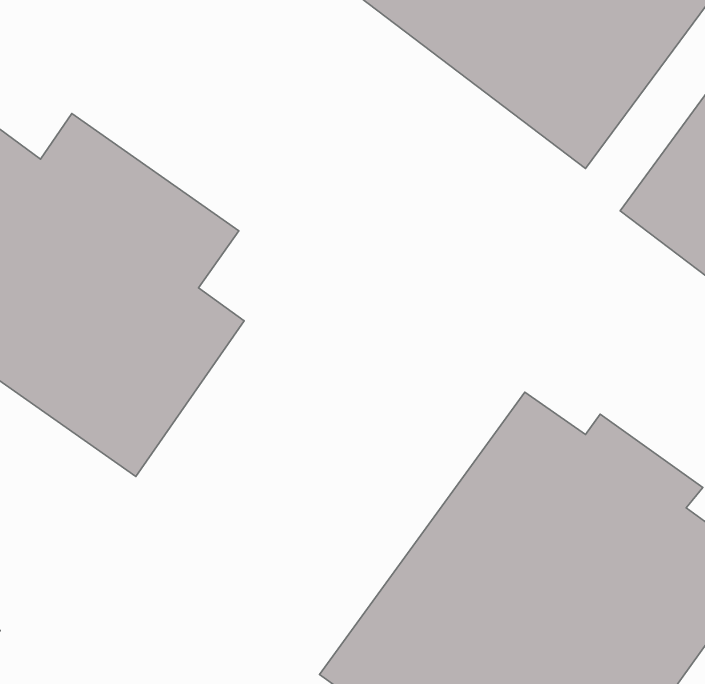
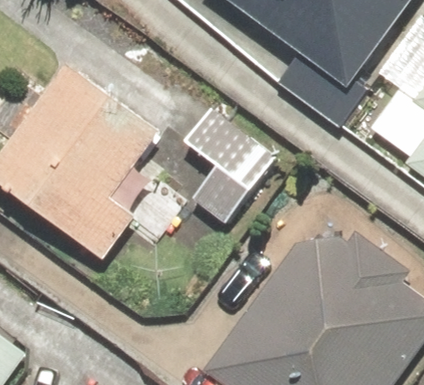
building: none -> [181,104,281,229]

